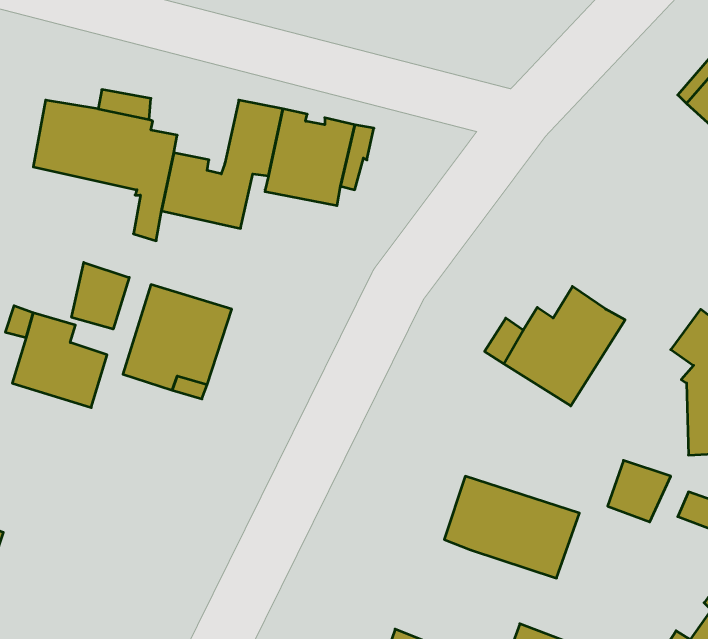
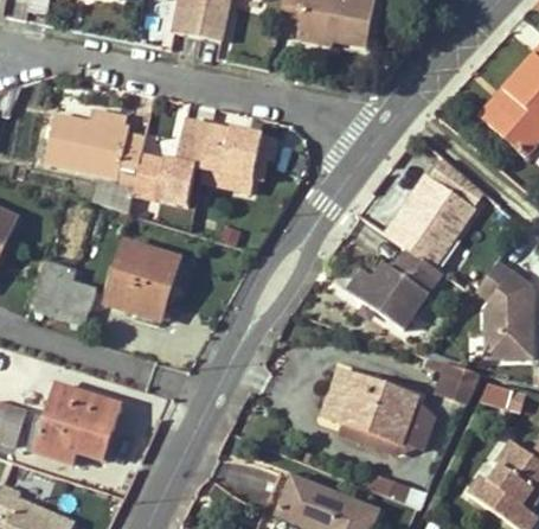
building: none -> [381,170,470,259]
building: [72,262,129,329] -> none
building: none -> [32,387,120,464]
building: none -> [336,396,430,448]

